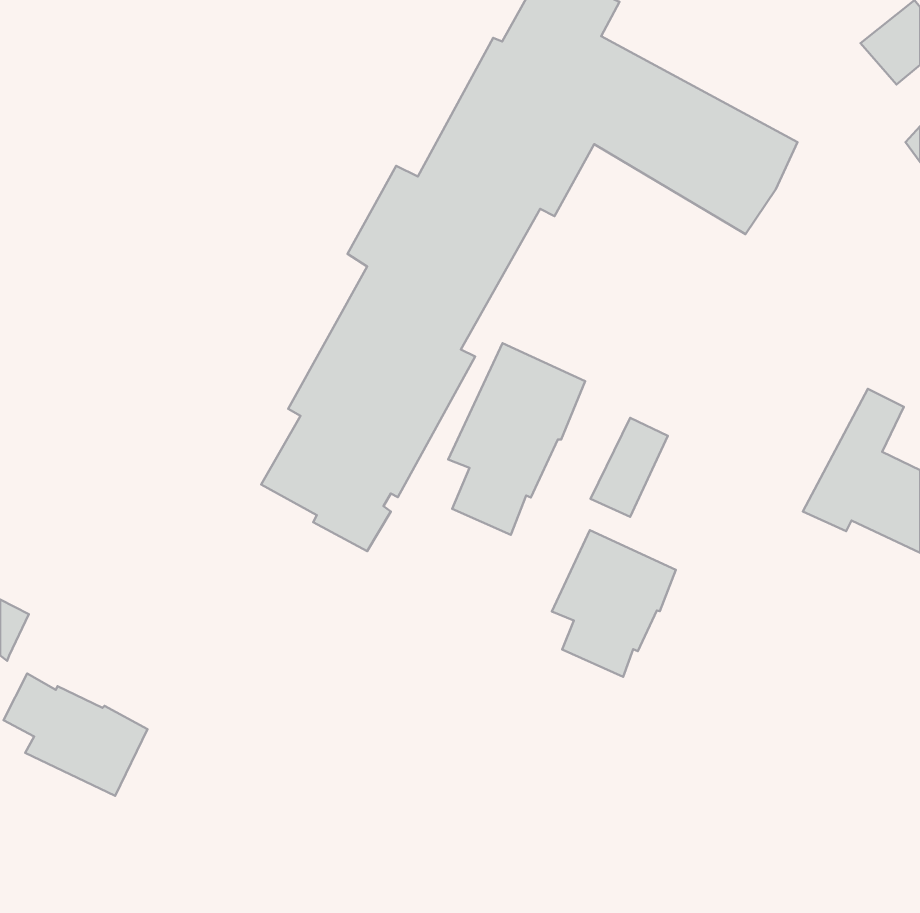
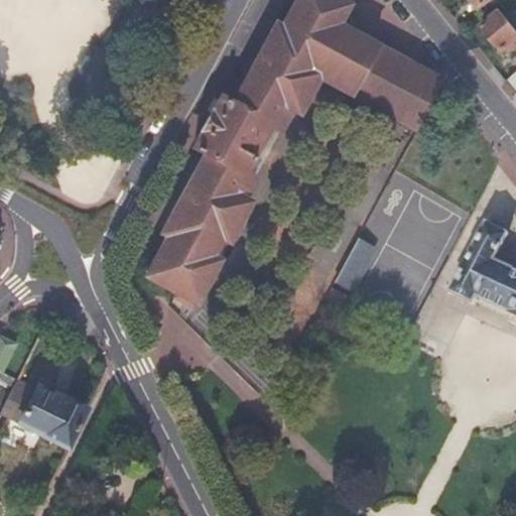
building: [448,343,585,535] -> none
building: [552,530,676,677] -> none

